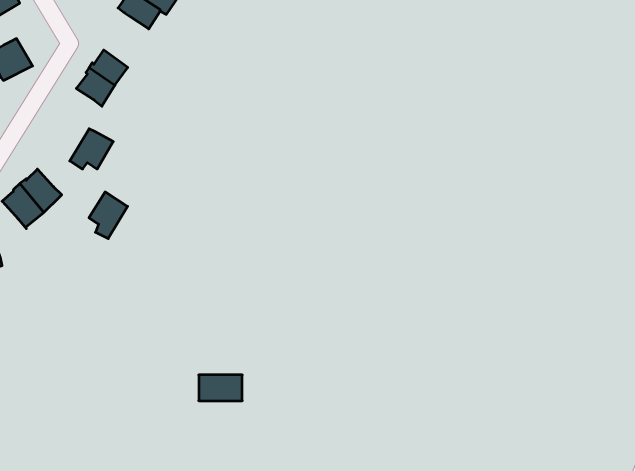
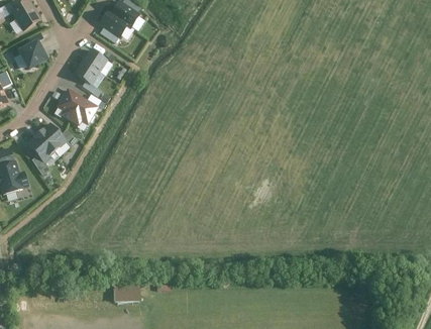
building: [89,192,128,239] -> [59,89,83,118]
building: [199,375,242,401] -> [113,284,140,300]

